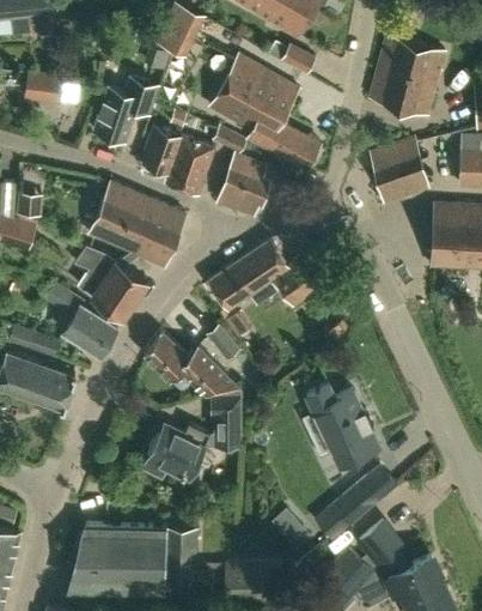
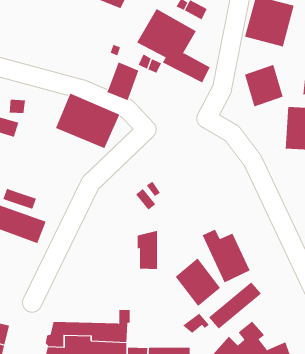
building: [24,69,65,103] -> none
building: [92,77,158,143] -> none
building: [142,126,182,173] -> none
building: [216,155,287,216] -> none
building: [208,238,325,309] -> none
building: [75,247,146,315] -> none
building: [45,283,117,353] -> none
building: [146,328,243,394] -> none
building: [145,423,214,477] -> none
building: none -> [175,258,221,307]

